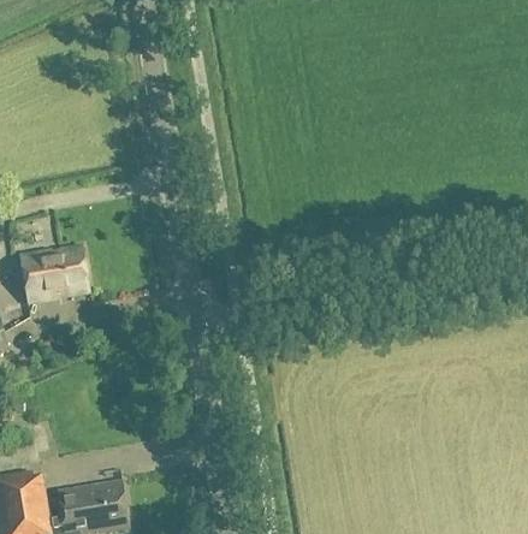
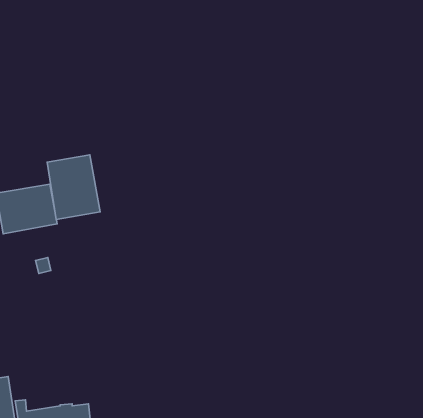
building: none -> [47,155,100,220]
building: [52,477,126,512] -> none

